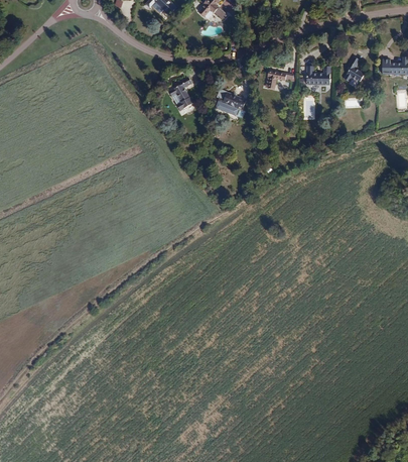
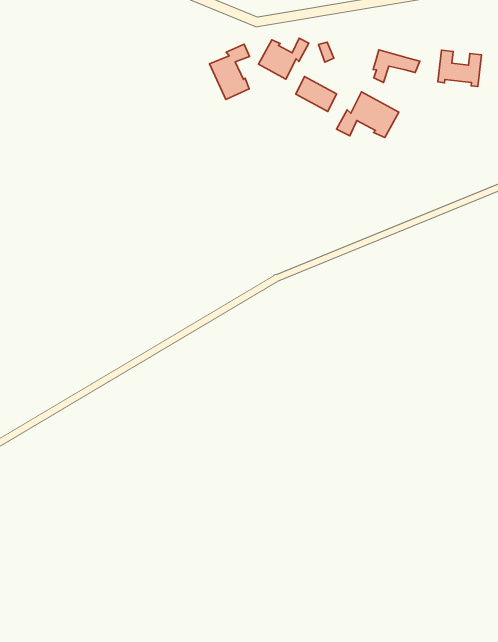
building: none -> [258,38,309,79]
building: none -> [337,92,399,138]

